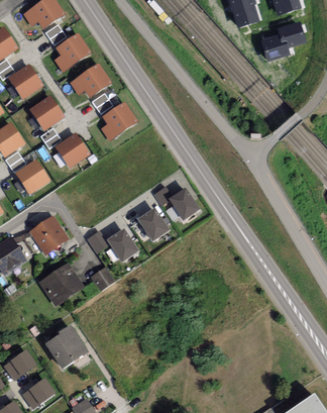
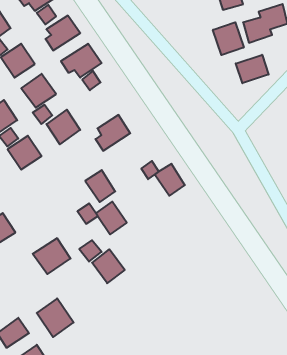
building: none -> [213,22,244,55]
building: none -> [236,55,269,83]
building: [102,100,138,137] -> [95,115,130,151]
building: [139,206,171,239] -> [85,170,115,202]
building: [29,217,67,254] -> none
building: none -> [92,249,125,283]

